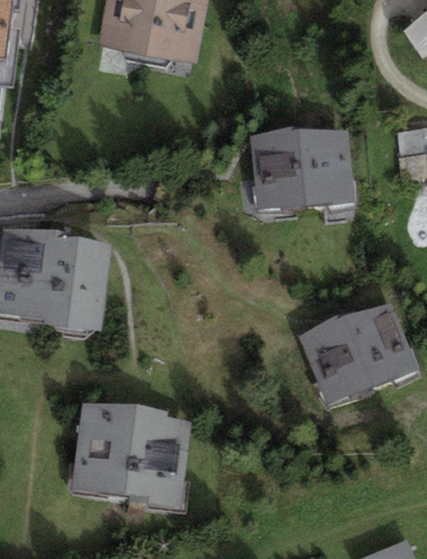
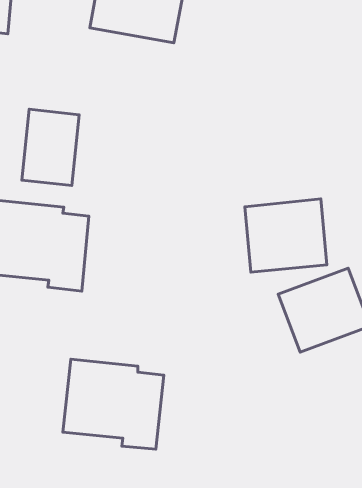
building: [253,128,343,207] -> [245,199,327,272]
building: none -> [22,109,79,186]

